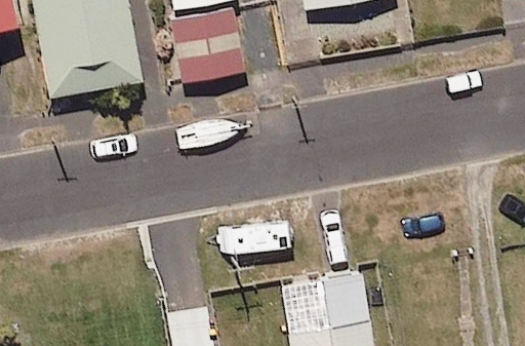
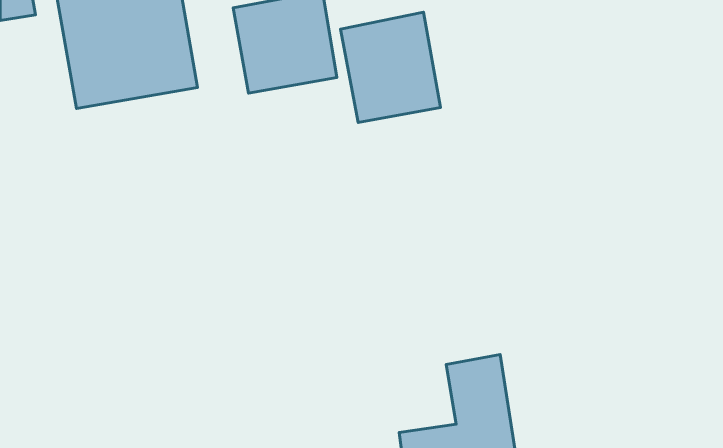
building: none -> [340,12,440,123]

